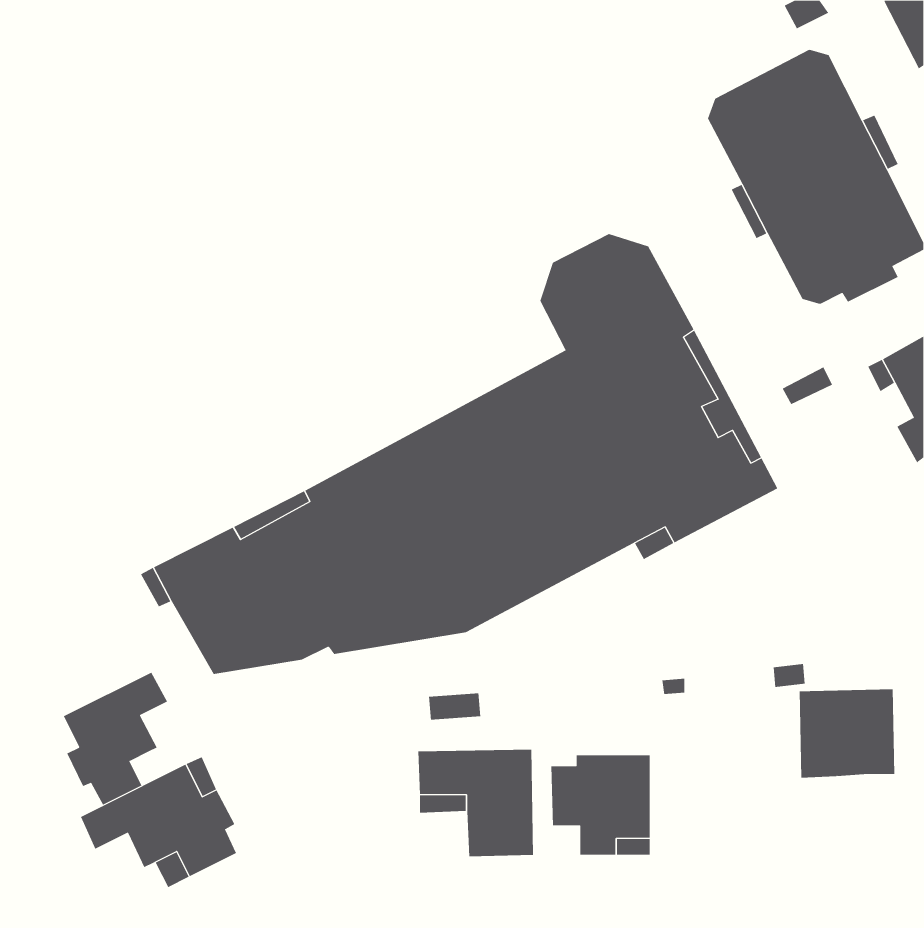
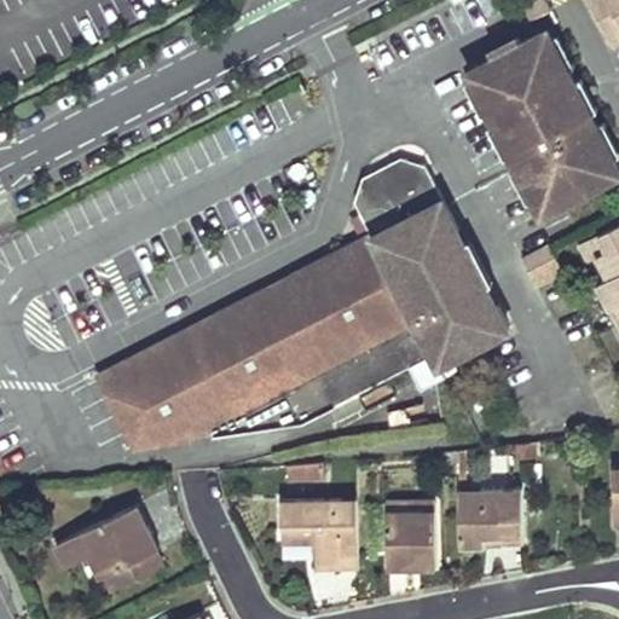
building: [63,672,168,806] -> none
building: [799,689,895,778] -> [455,488,519,548]

